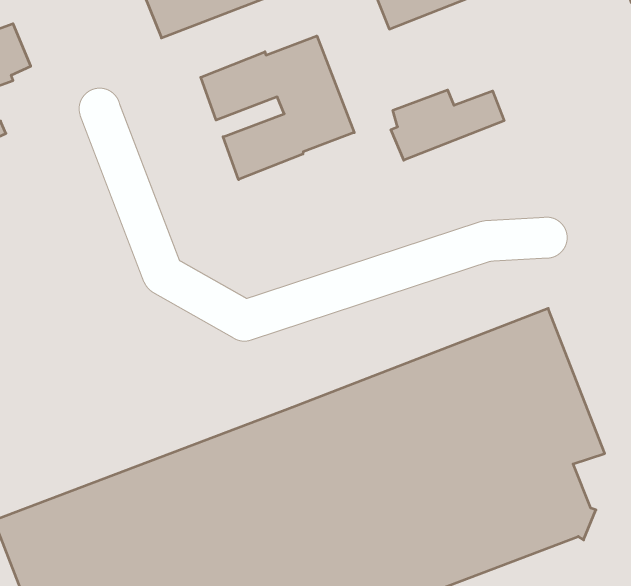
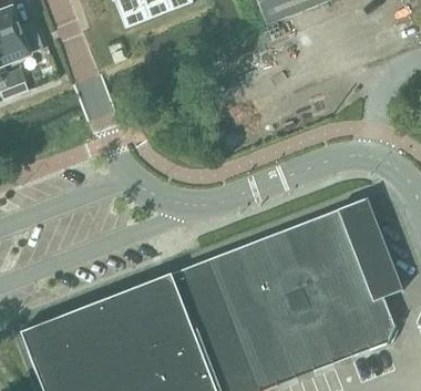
building: [201,36,354,180] -> none
building: [391,90,504,160] -> none

